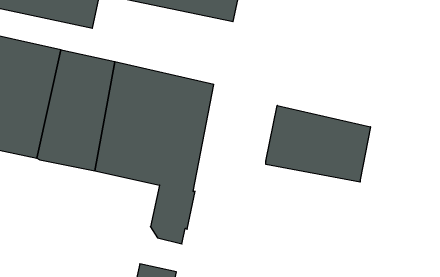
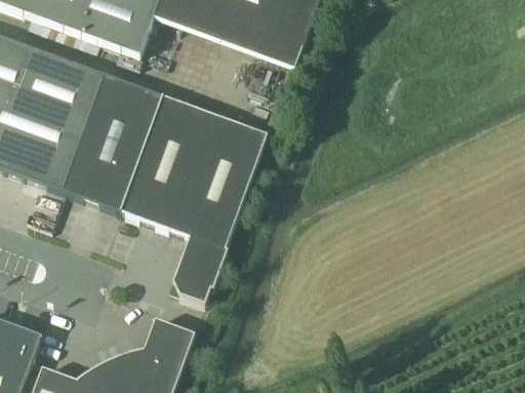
building: [266,105,370,182] -> none

